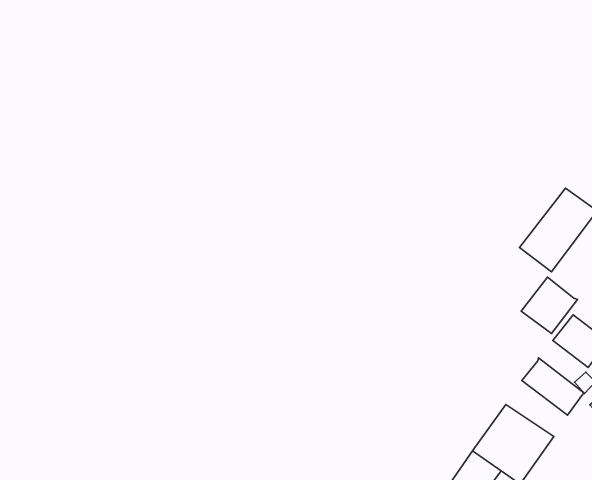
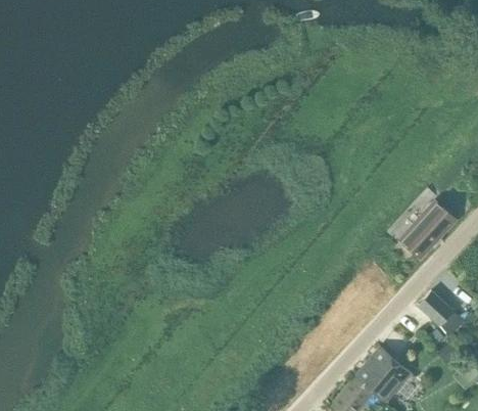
building: [521,277,577,334] -> none
building: [522,358,584,415] -> none

